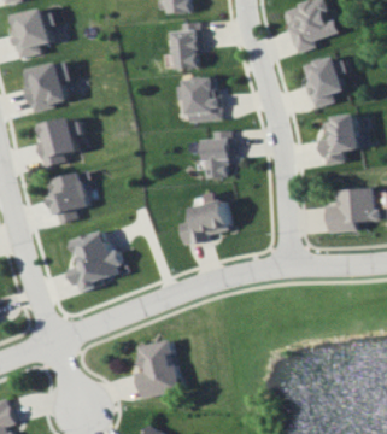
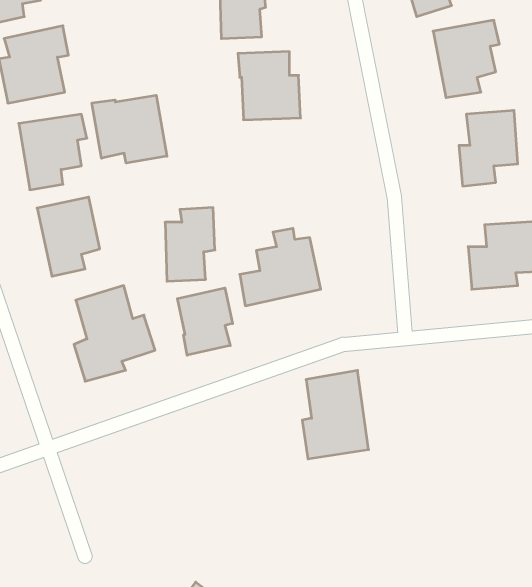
building: none -> [92,95,167,163]
building: [201,129,234,177] -> [165,208,215,281]
building: none -> [177,288,233,355]
building: [137,339,181,397] -> [302,370,369,459]

